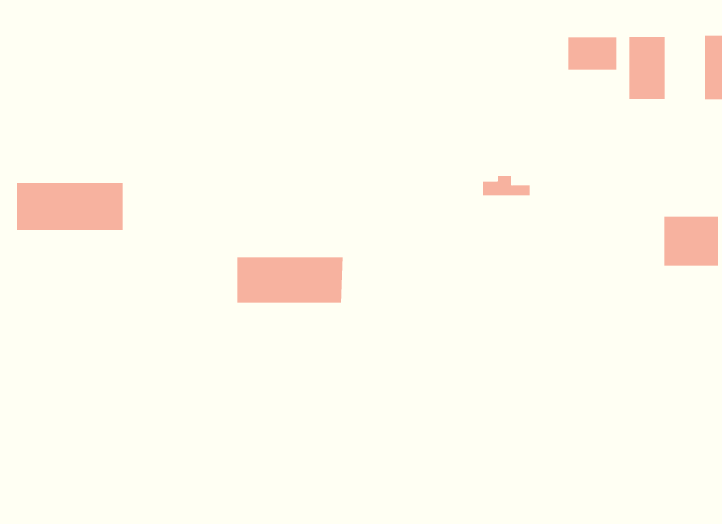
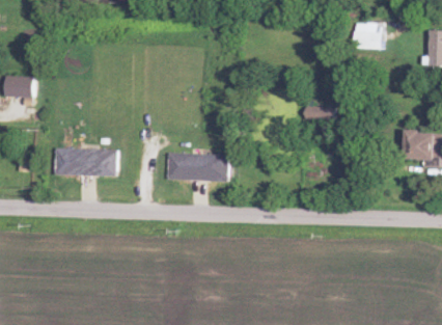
building: [629,36,665,100] -> none
building: [16,182,124,230] -> [56,148,116,175]

